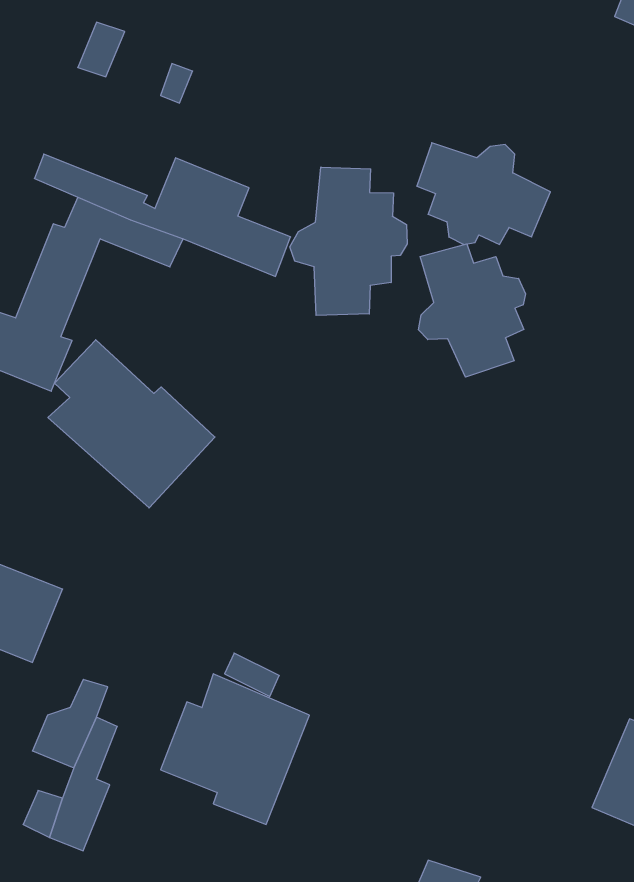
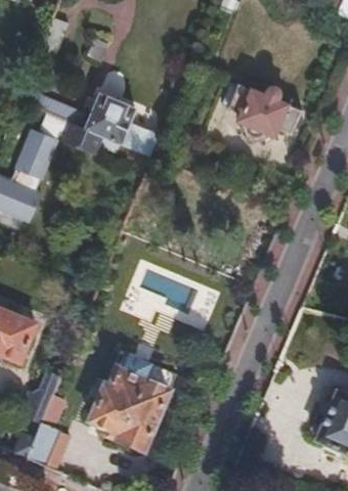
building: [290,167,407,315] -> none
building: [418,244,526,377] -> none
building: [48,340,215,508] -> none

